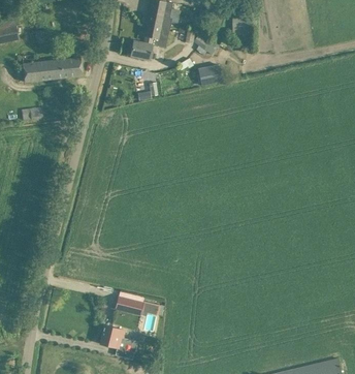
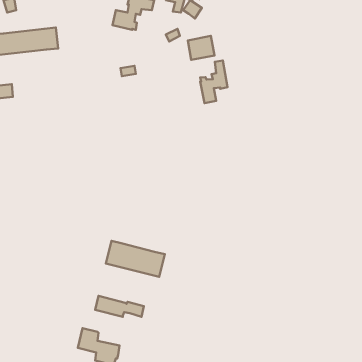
building: none -> [200,60,227,103]
building: none -> [106,241,165,277]

